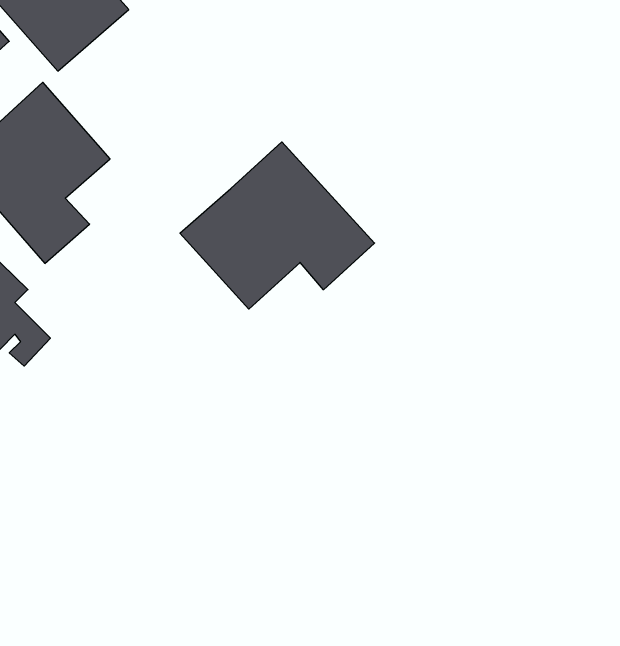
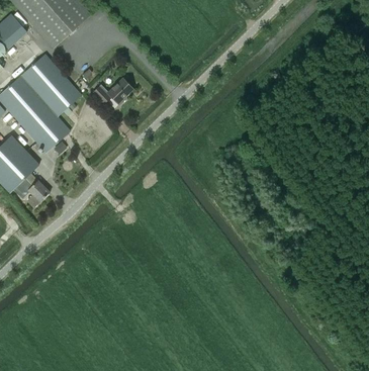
building: none -> [94,77,133,104]
building: [180,142,375,309] -> none

